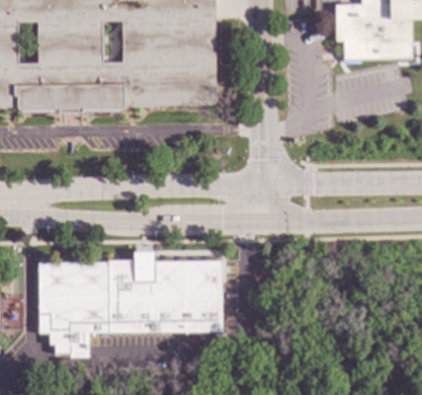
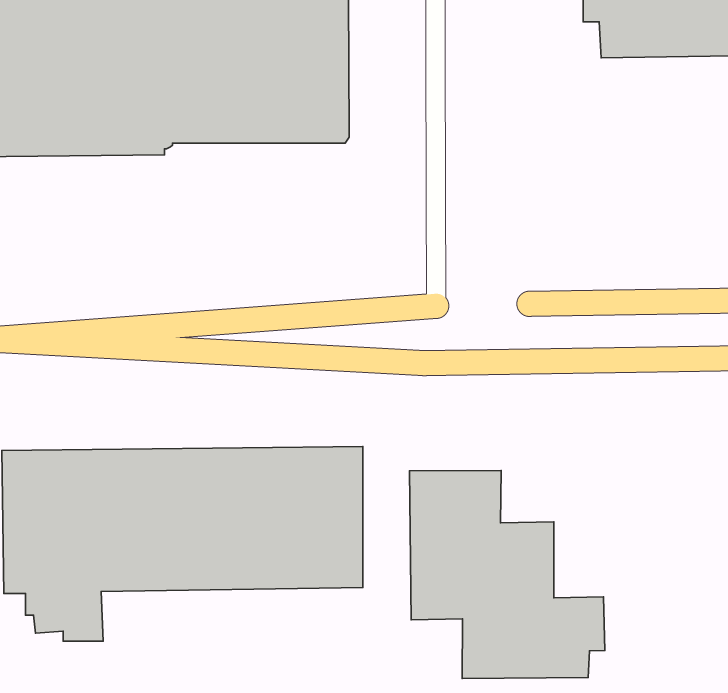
building: none -> [409,471,605,679]

